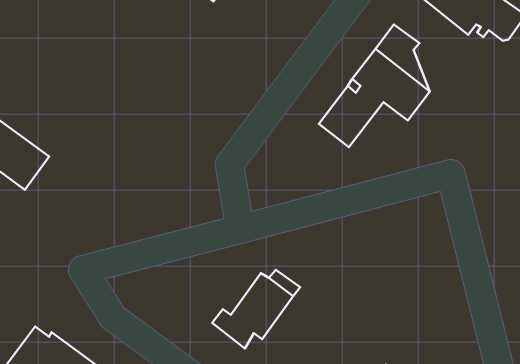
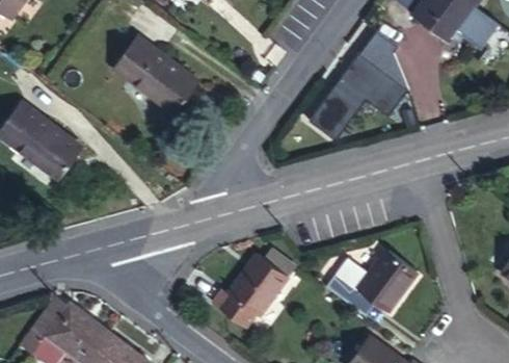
building: none -> [122,55,191,120]
building: none -> [325,250,414,309]

